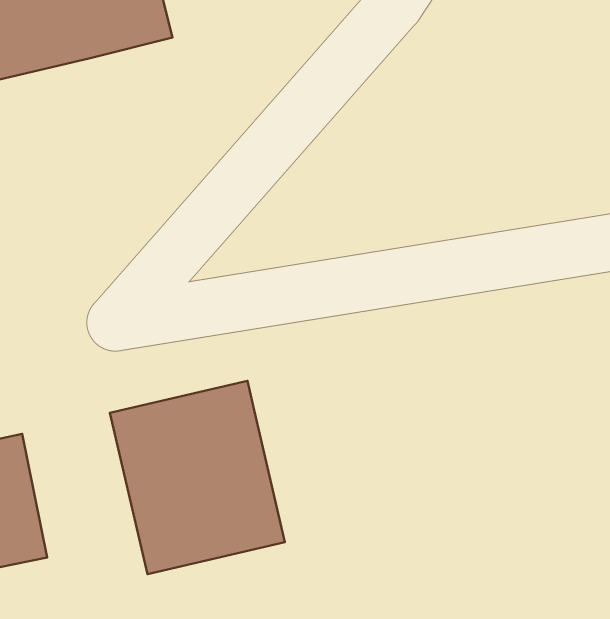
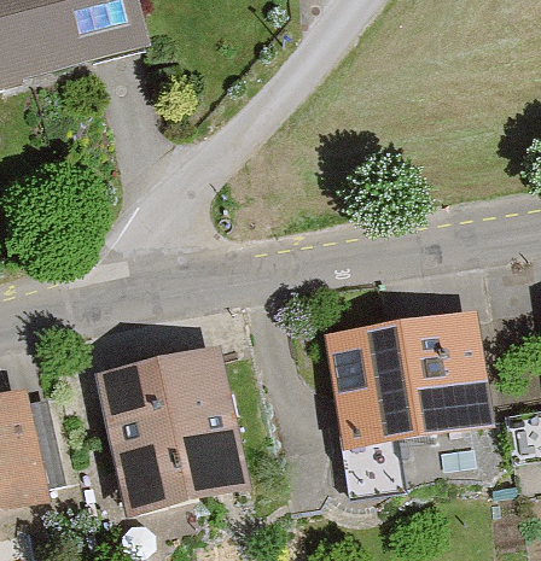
building: none -> [326,311,491,448]

